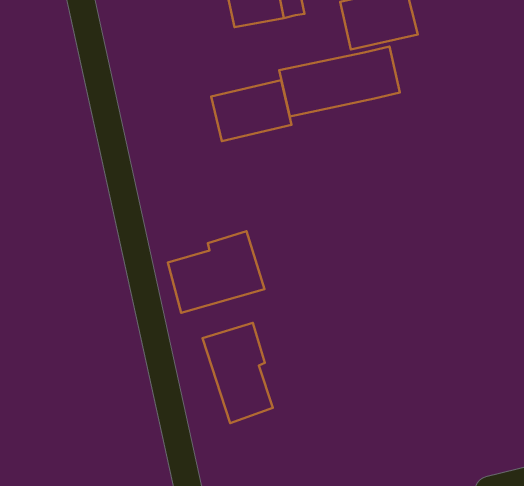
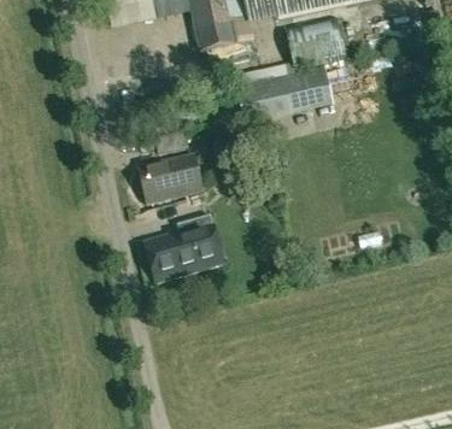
building: [211,80,292,141] -> [137,152,202,201]
building: [202,323,273,423] -> none

